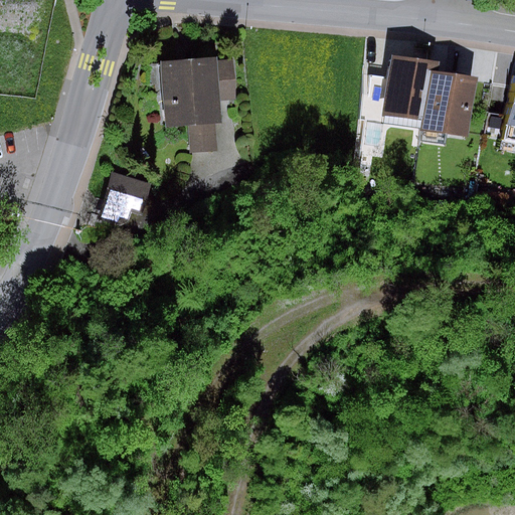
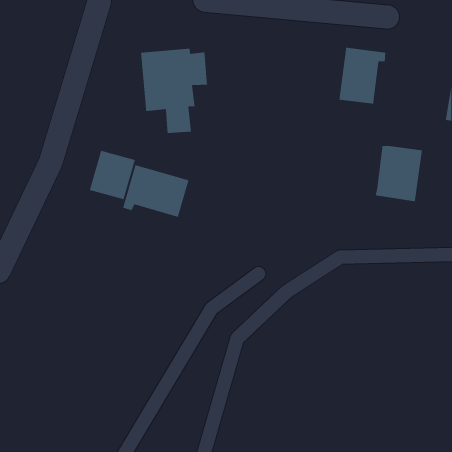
building: [421,71,476,136] -> [375,145,423,202]
building: none -> [122,164,190,218]

